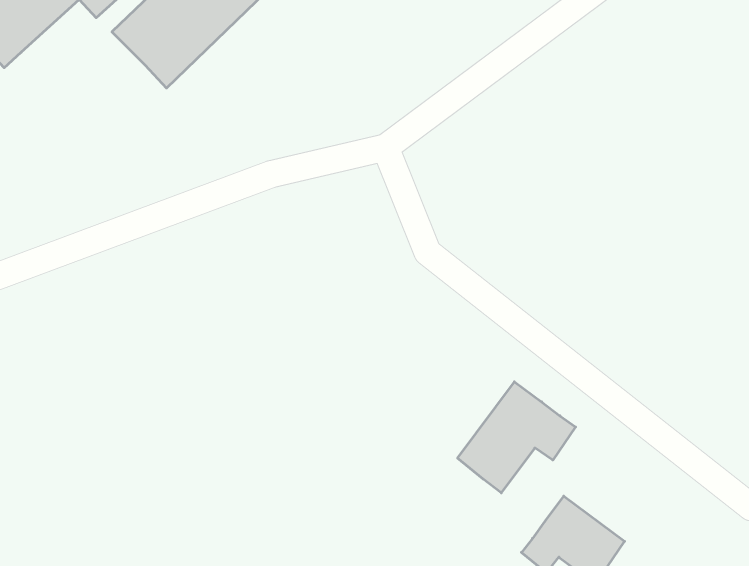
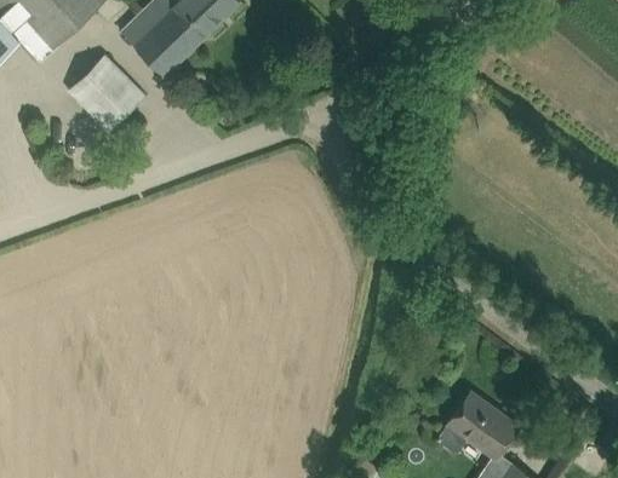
building: none -> [58,54,143,139]
building: [458,382,576,493] -> none

